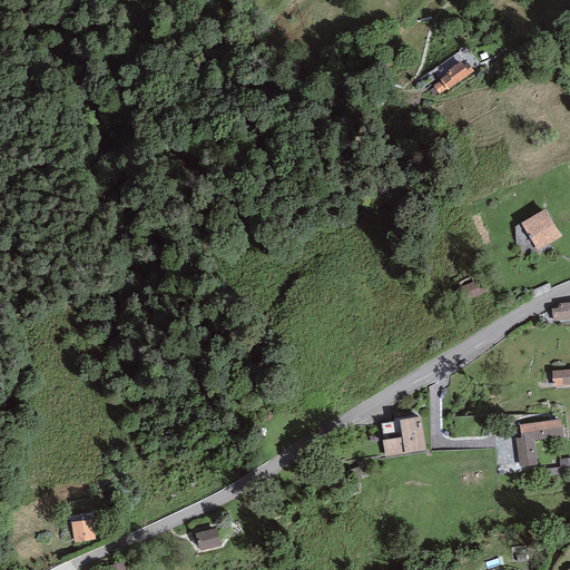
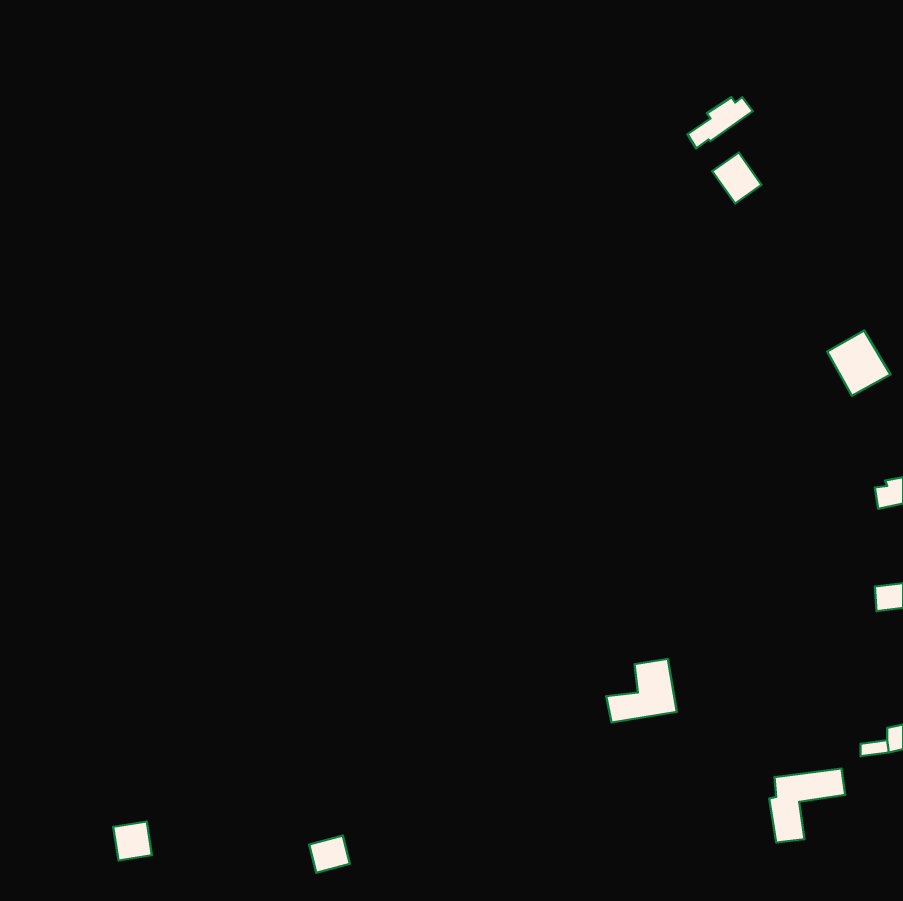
building: none -> [712,152,762,204]
building: [515,419,563,465] -> [769,768,845,843]

